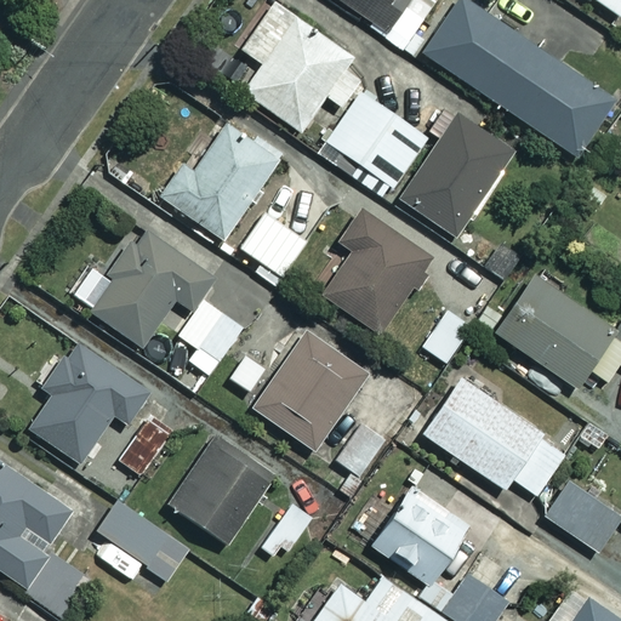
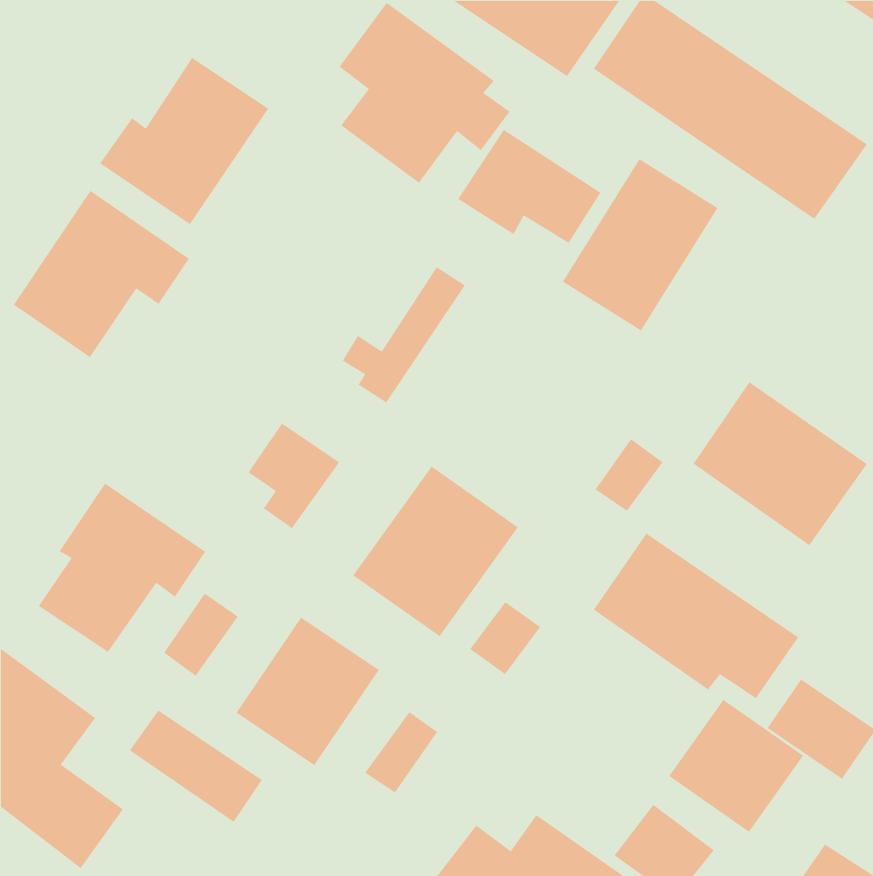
building: [160,121,280,240] -> [99,57,269,225]
building: [323,211,432,335] -> none
building: [89,228,213,347] -> [13,190,190,358]
building: [369,488,465,582] -> [668,699,804,833]

